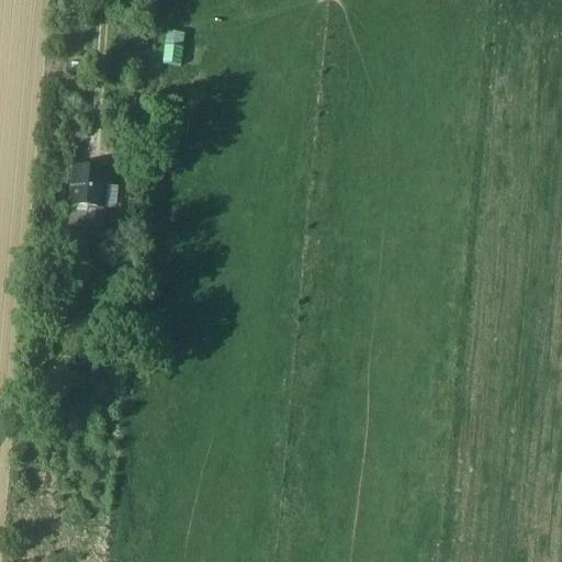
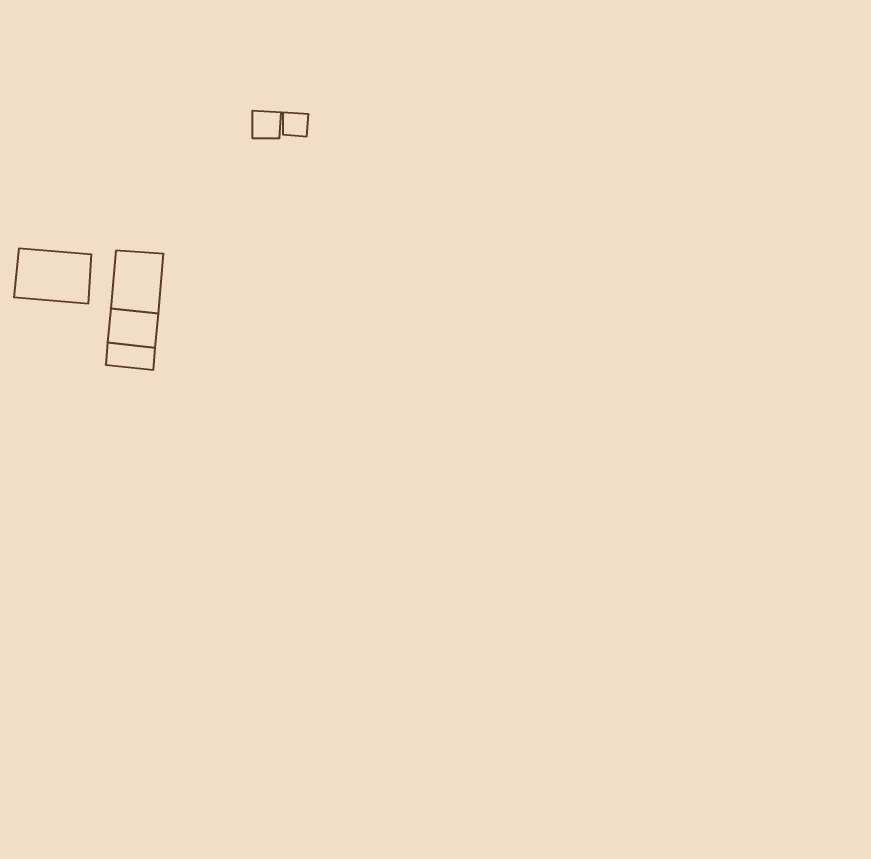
building: none -> [14,248,91,304]

